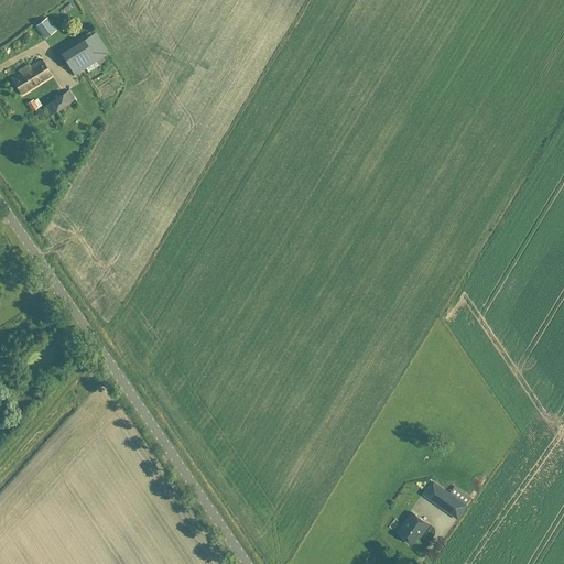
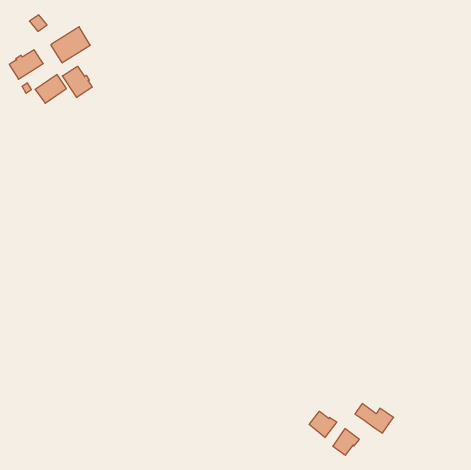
building: none -> [62,66,92,98]
building: none -> [309,411,337,438]

